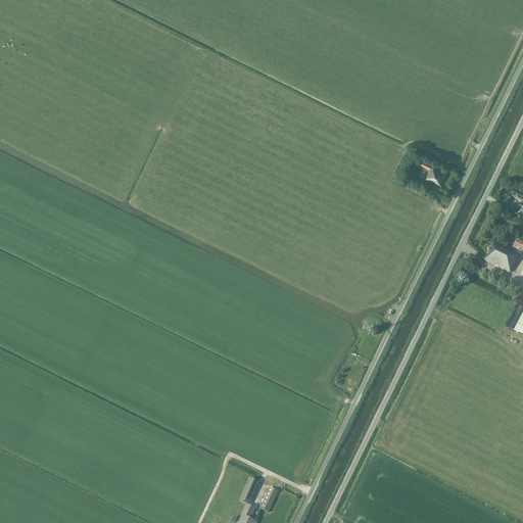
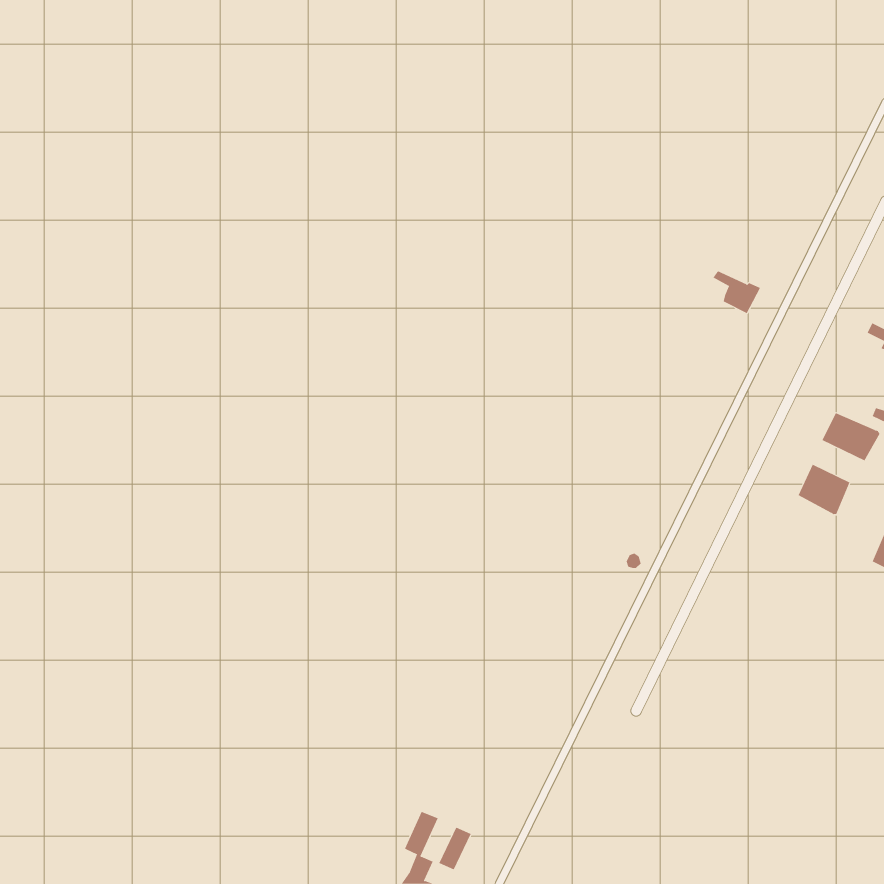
building: none -> [798,464,850,516]

